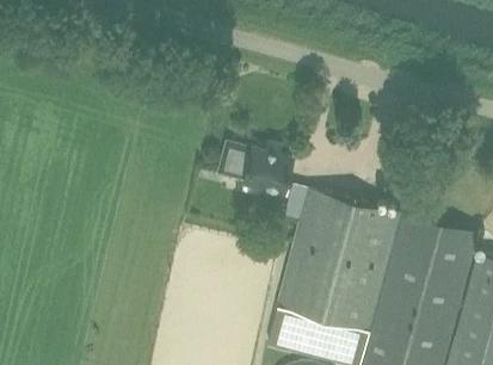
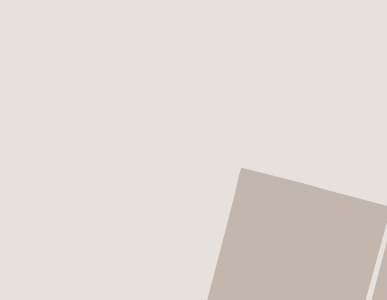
building: [216,143,291,211] -> none

